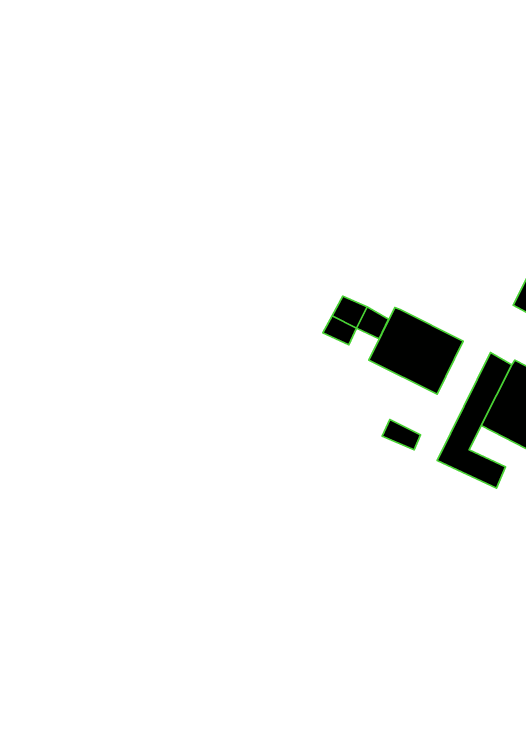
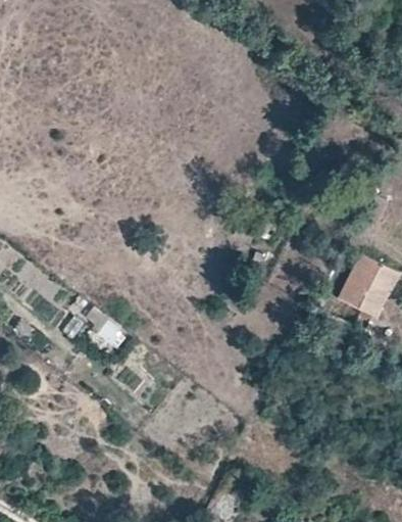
building: [369,307,463,394] -> none

